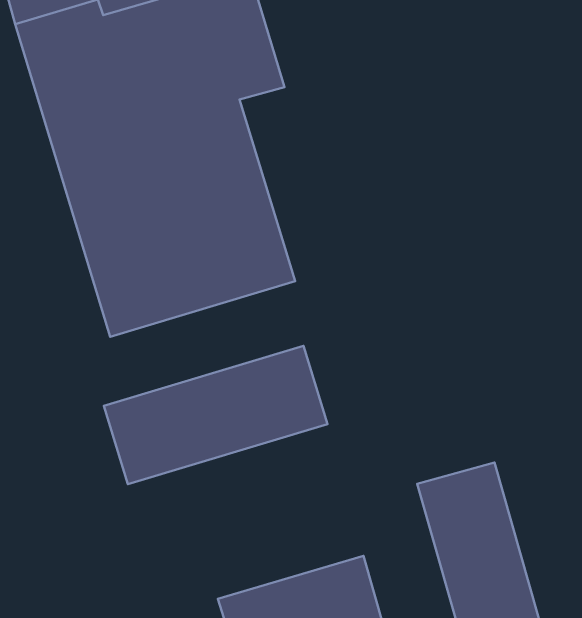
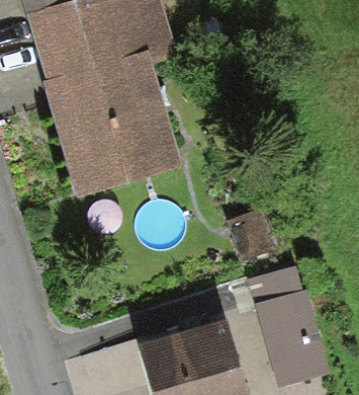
building: [104,346,327,484] -> none

